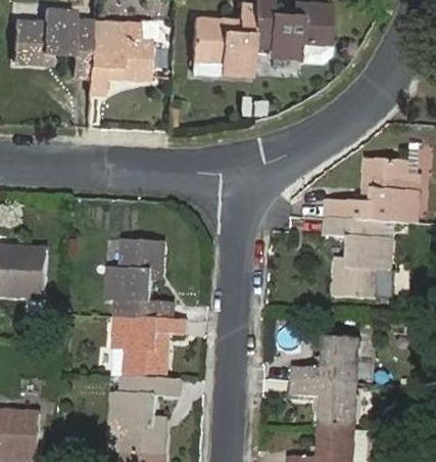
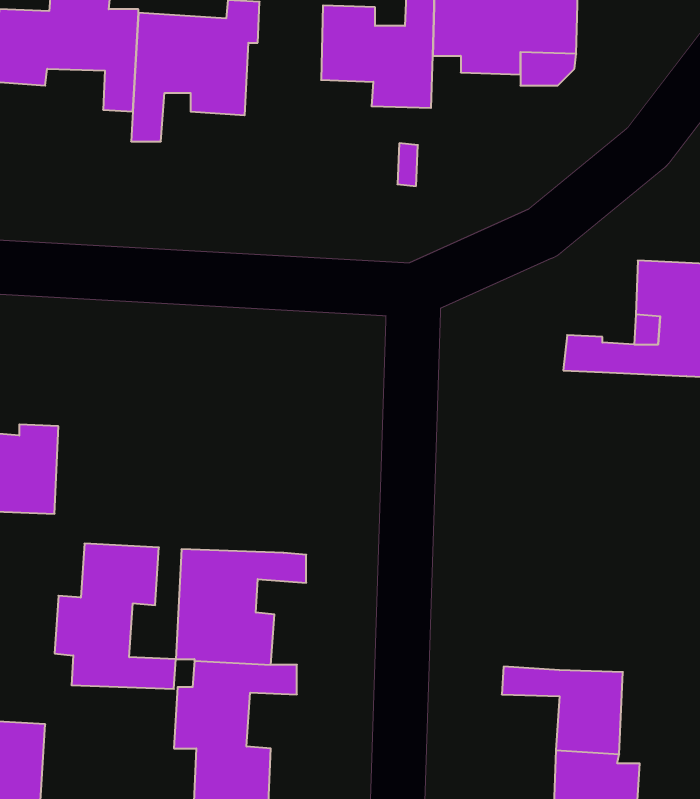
building: [325,218,392,298] -> none
building: [106,238,173,318] -> [55,544,176,689]
building: [292,336,359,383] -> none

